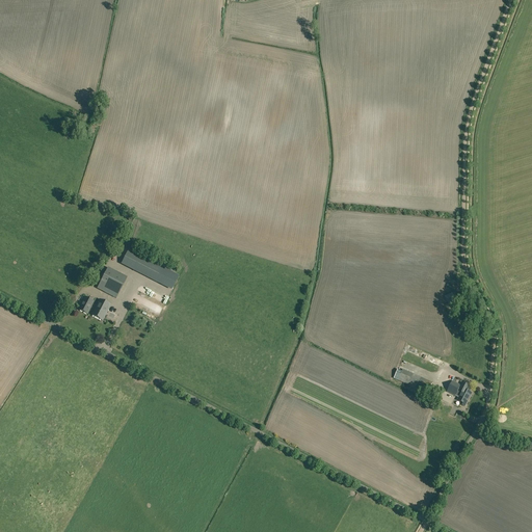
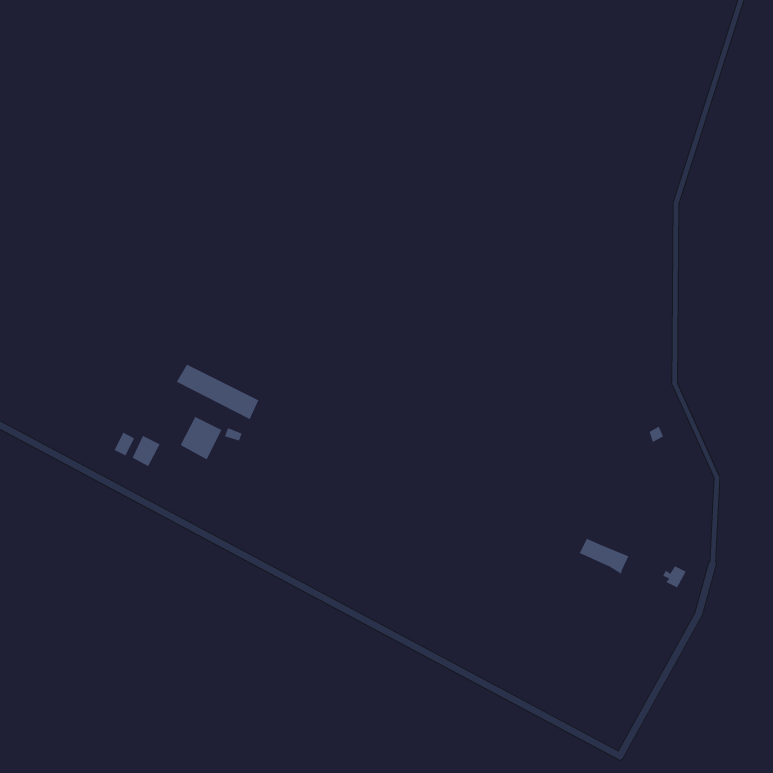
building: [97,267,126,297] -> [180,416,222,460]

